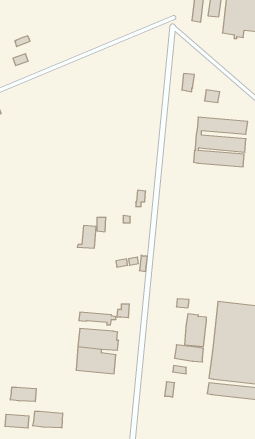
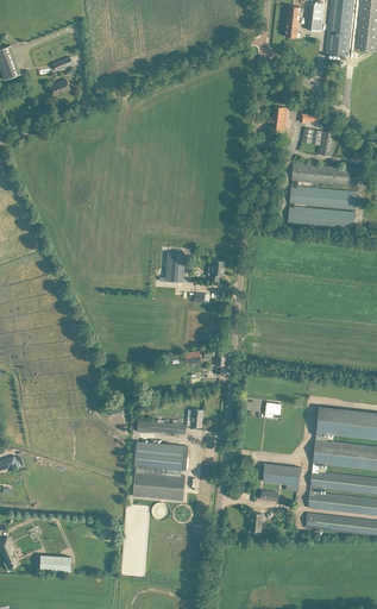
building: [77,226,96,248] -> [158,252,183,282]
building: [185,314,206,347] -> none
building: [10,387,36,402] -> none
building: [33,411,63,428] -> none

